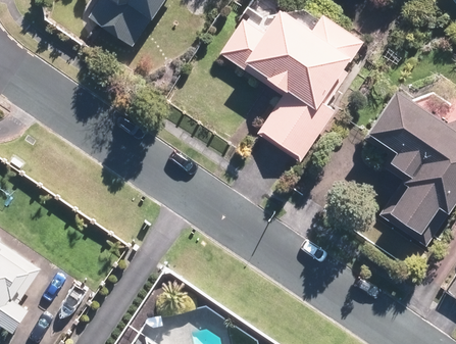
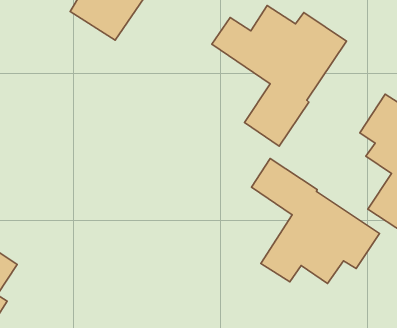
building: none -> [251,158,380,284]

